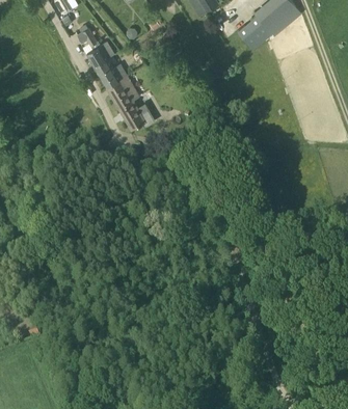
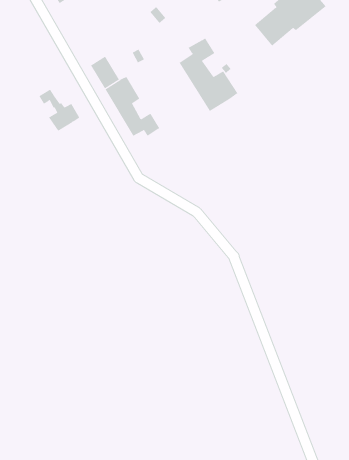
building: [78,25,114,62] -> [39,89,80,132]
building: none -> [179,37,238,112]

